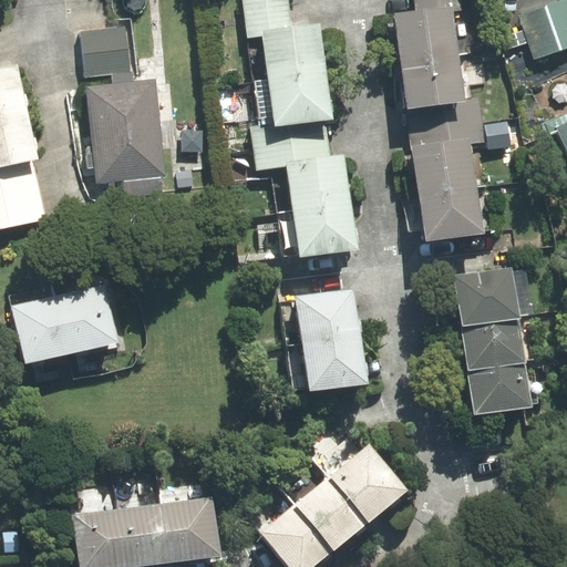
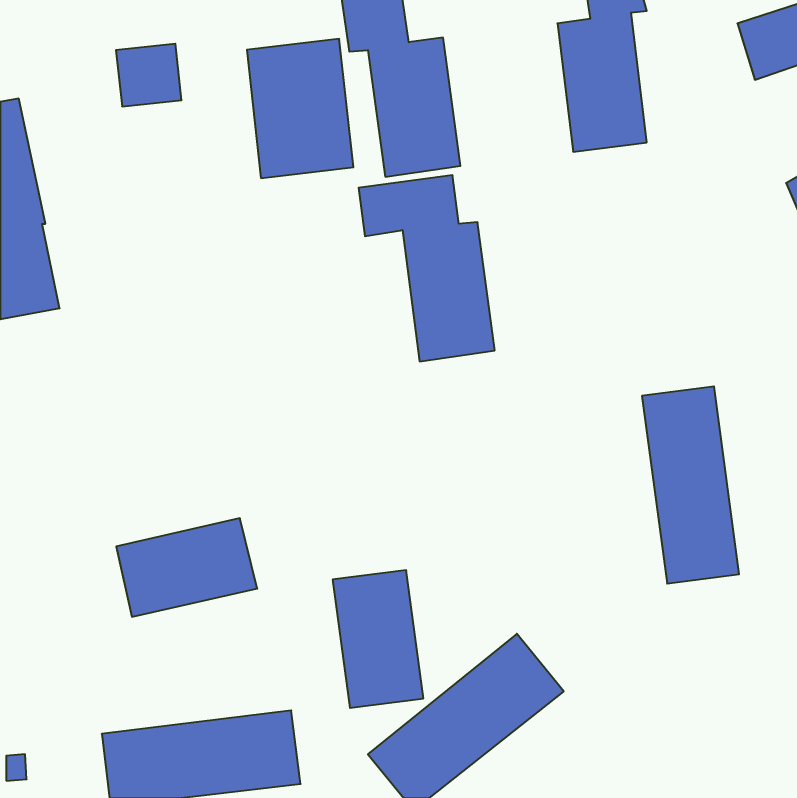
building: [89,82,164,181] -> [247,39,353,178]
building: [411,105,483,237] -> none
building: [13,290,113,360] -> [116,518,257,617]
building: [296,292,360,390] -> [333,570,423,708]

